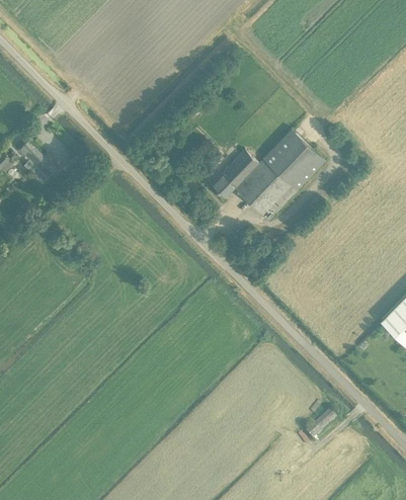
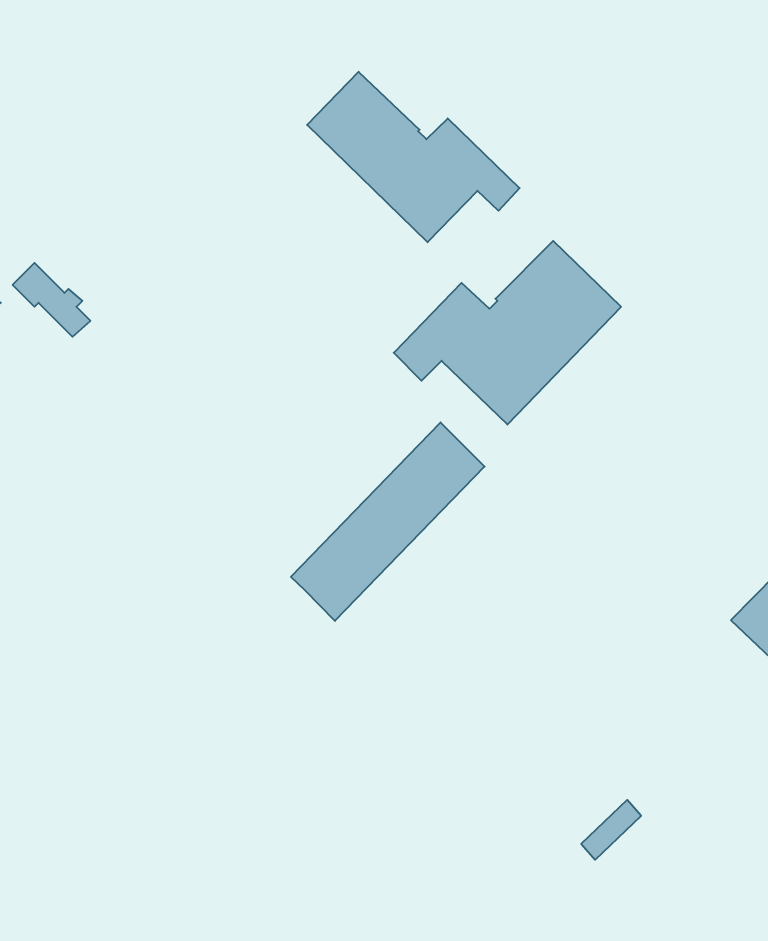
building: none -> [307,72,520,242]
building: none -> [291,422,485,621]

